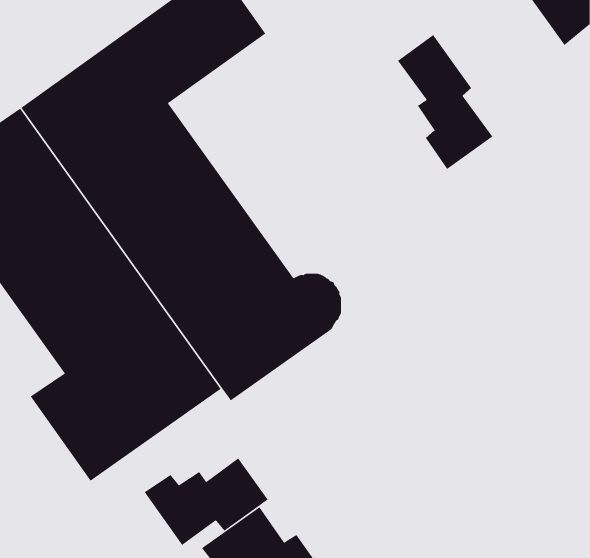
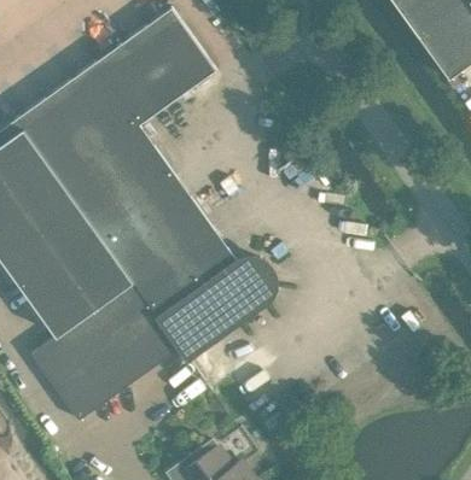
building: [397,34,493,170] -> none
building: [144,458,269,546] -> none

